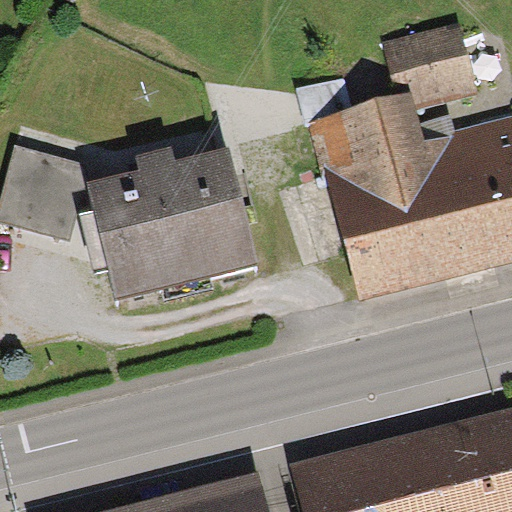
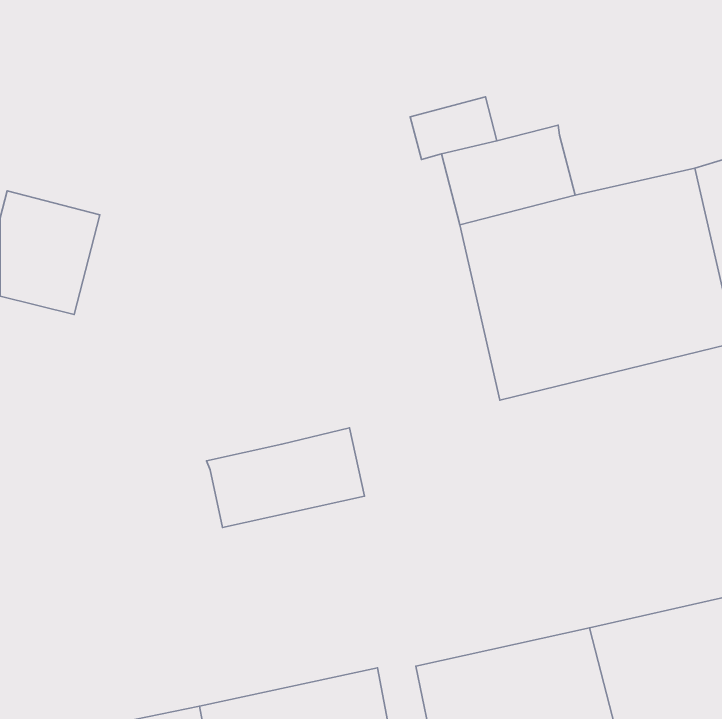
building: [383,24,472,101] -> none
building: [88,146,258,295] -> none
building: none -> [207,428,365,527]

